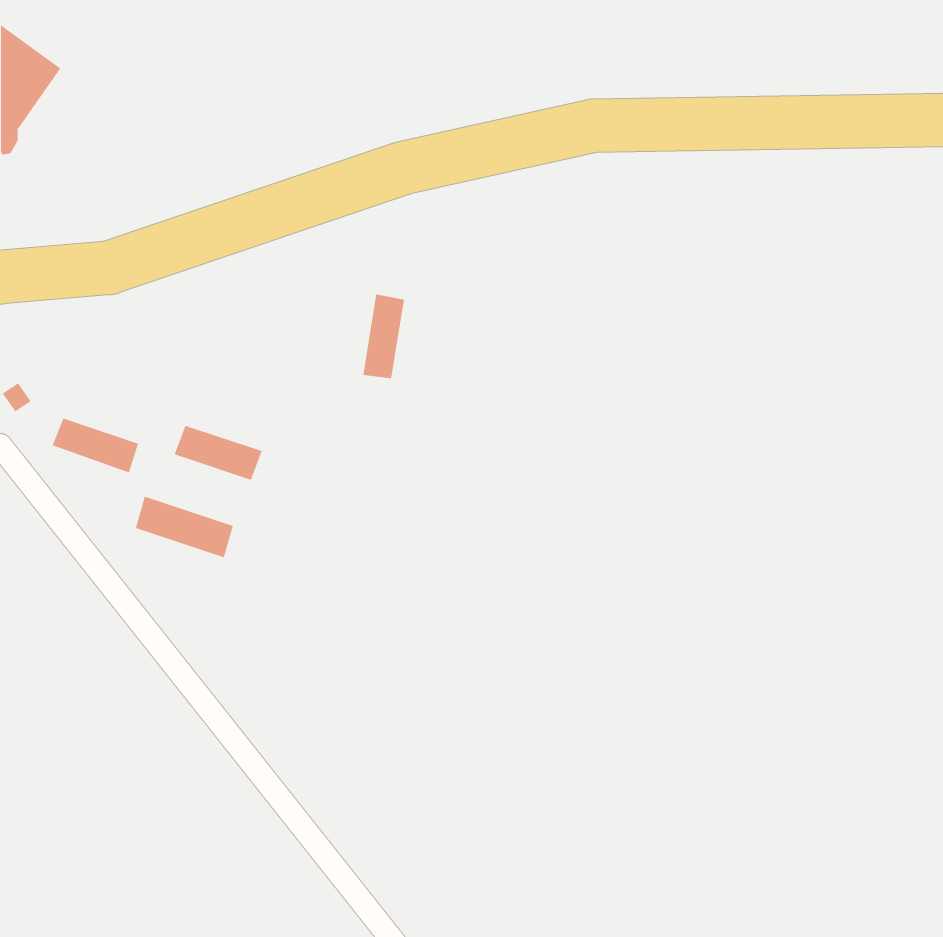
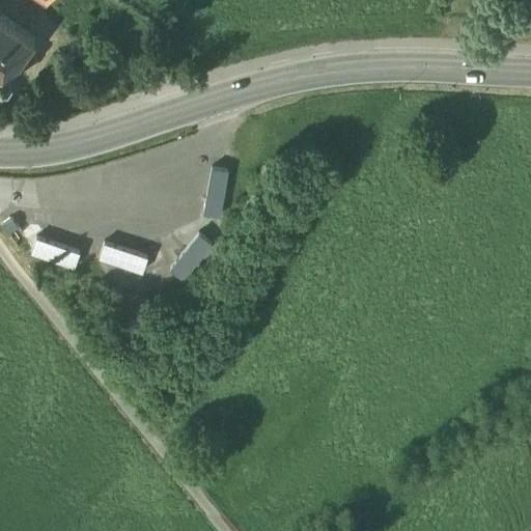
building: none -> [170,235,212,281]
building: [135,496,234,558] -> none

